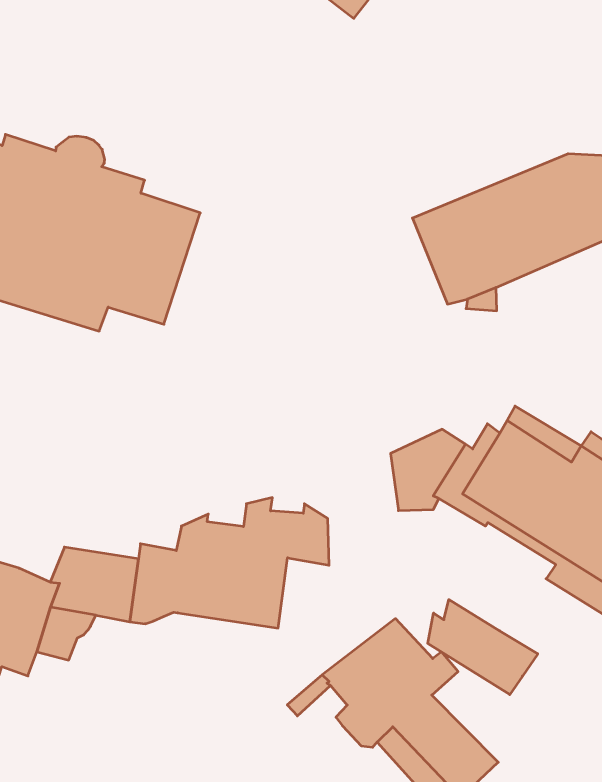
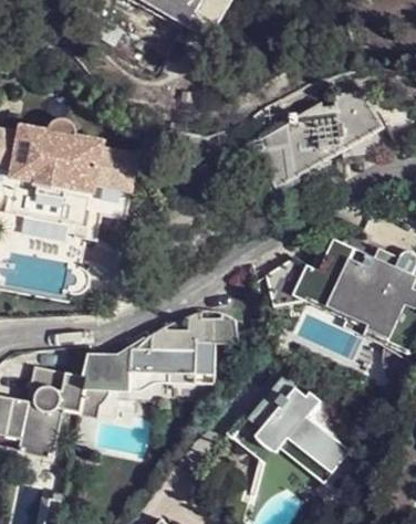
building: [428,600,538,695] -> none

